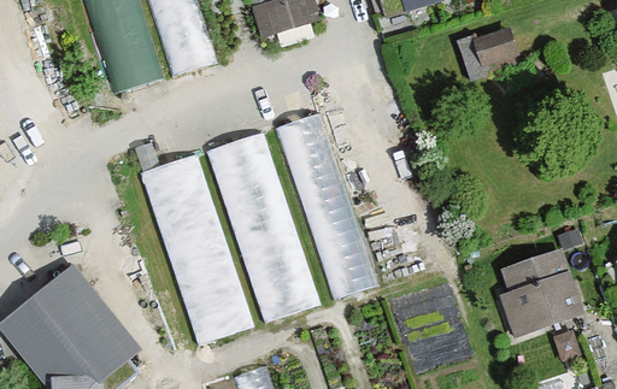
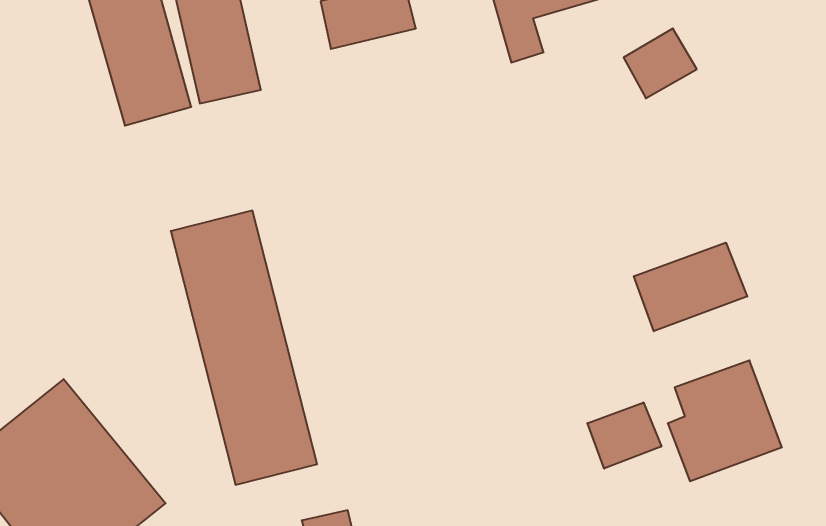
building: [278,108,376,299] -> none
building: [210,129,319,323] -> none
building: none -> [634,243,747,331]
building: none -> [587,402,661,469]

